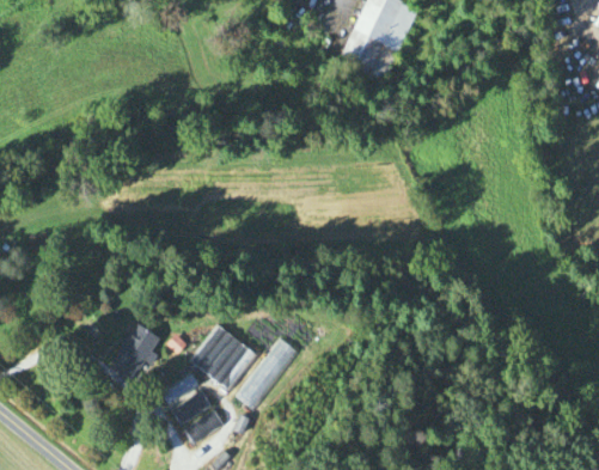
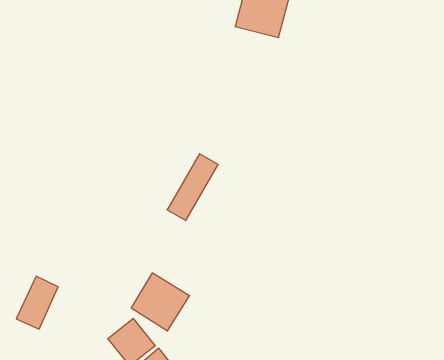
building: [108,322,158,380] -> [16,276,58,329]
building: [236,336,298,408] -> [167,154,218,221]

